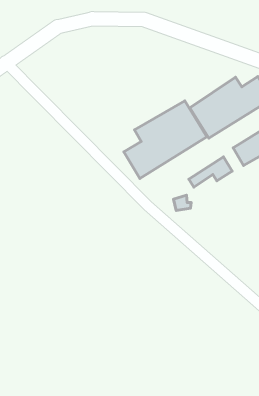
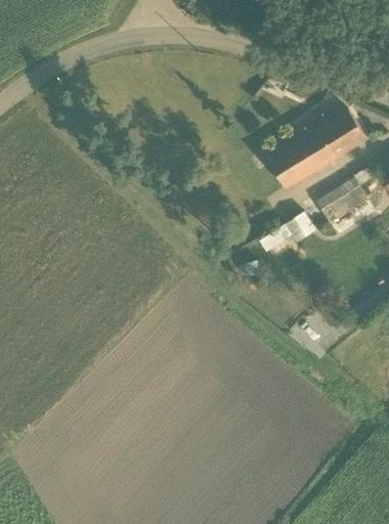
building: [124,101,207,178] -> none

